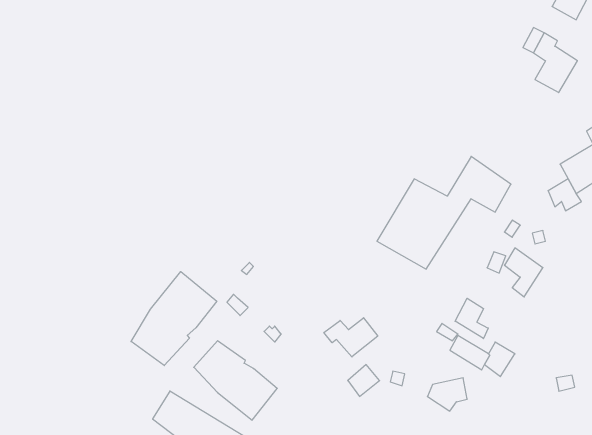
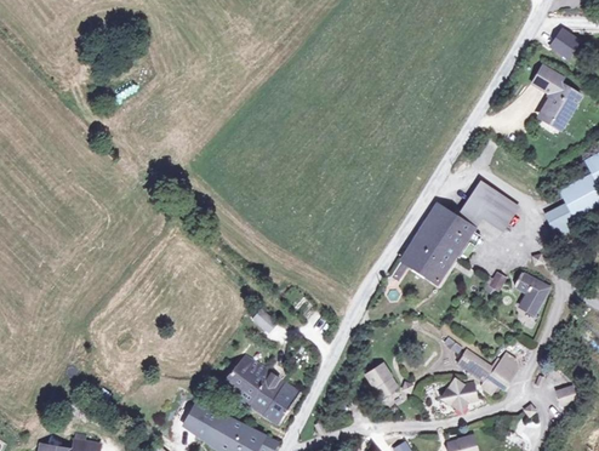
building: [131,272,217,366] -> none
building: [455,298,488,339] -> none
building: [324,318,378,357] -> none

